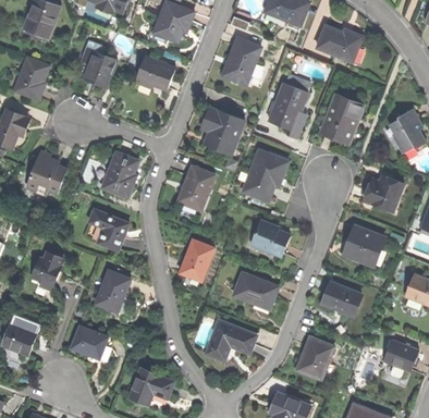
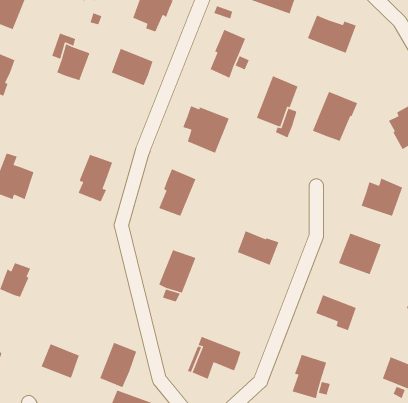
building: [243,148,289,199] -> none
building: [89,209,130,251] -> none
building: [96,270,131,312] -> [99,342,137,388]
building: [233,270,279,306] -> none

